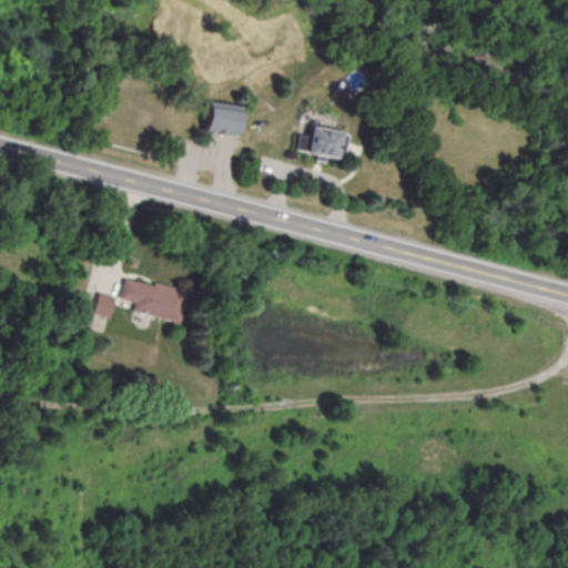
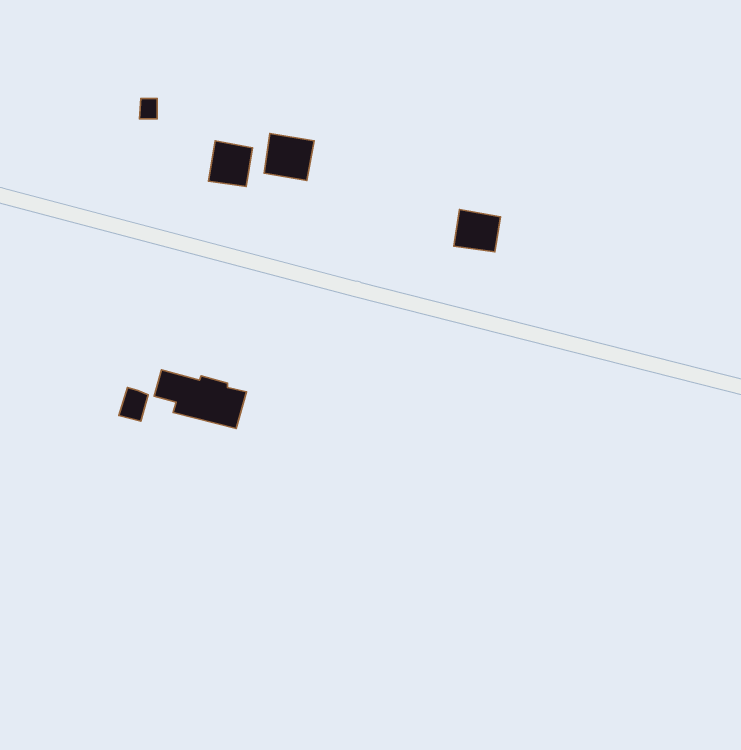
building: none -> [208,141,252,187]
building: [307,125,343,158] -> [454,209,501,252]

